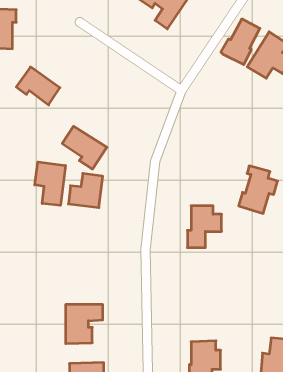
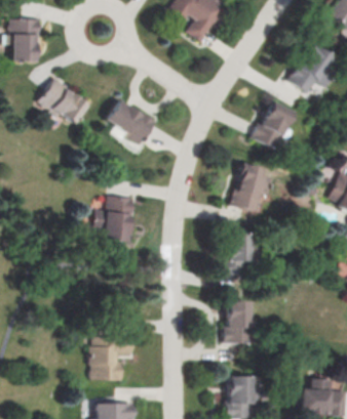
building: [221,19,260,65] -> [250,99,293,149]
building: [62,126,107,169] -> [108,98,156,144]
building: [35,162,65,205] -> none
building: [239,166,278,213] -> [229,160,271,211]
building: none -> [223,302,248,344]

